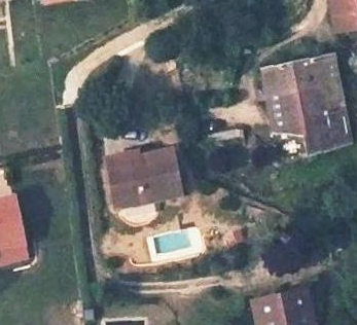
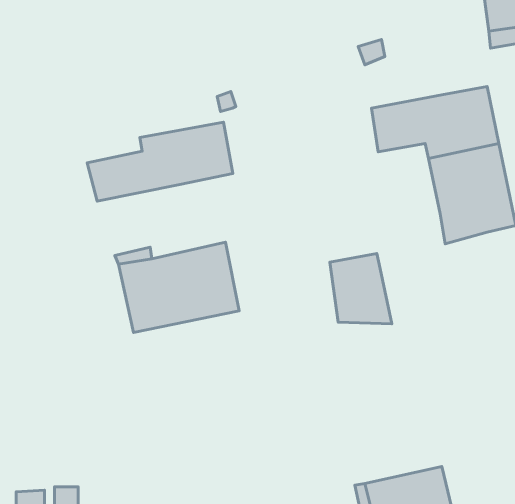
building: none -> [87,122,233,201]
building: [266,91,305,134] -> [330,254,392,324]

